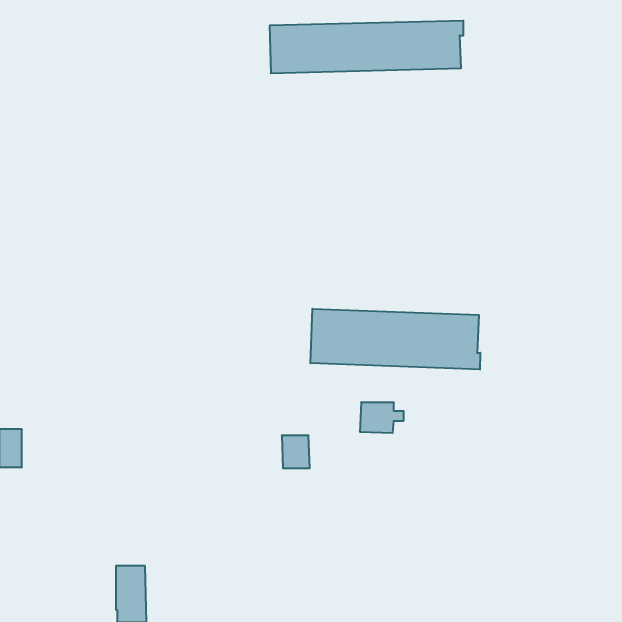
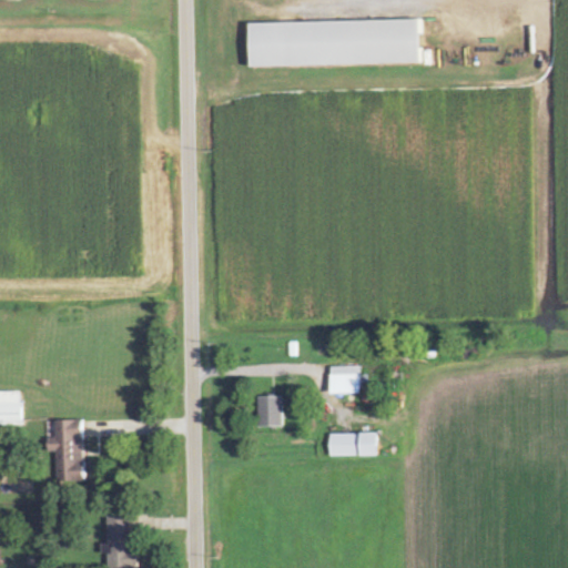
building: [310,309,480,370] -> none
building: none -> [45,420,83,483]
building: none -> [327,433,375,456]

